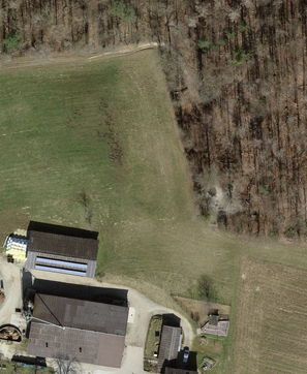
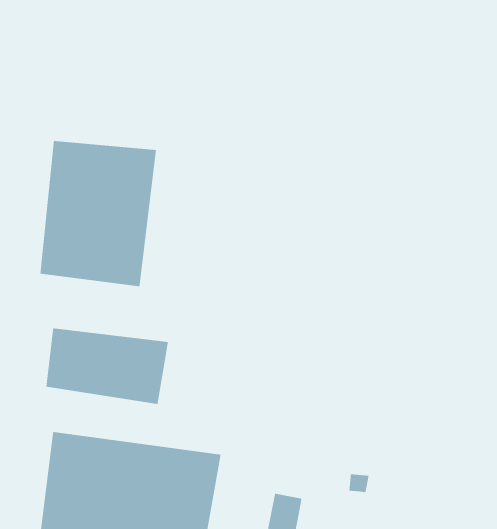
building: none -> [39,140,157,287]

